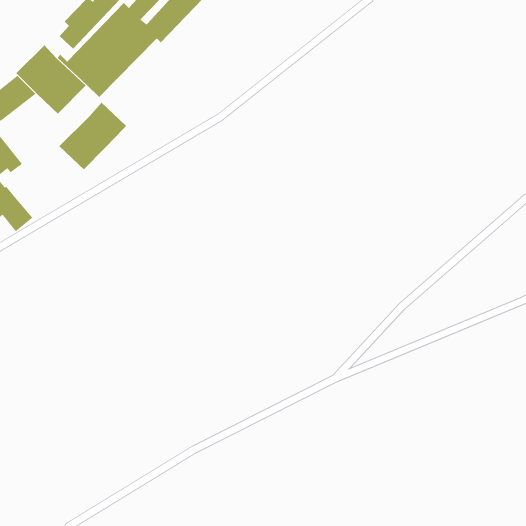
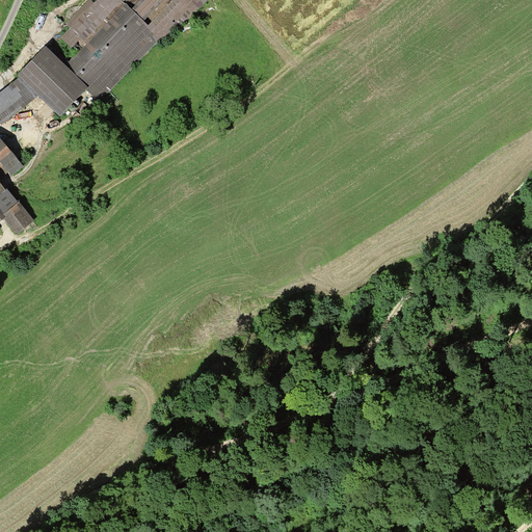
building: [58,102,127,170] -> none

